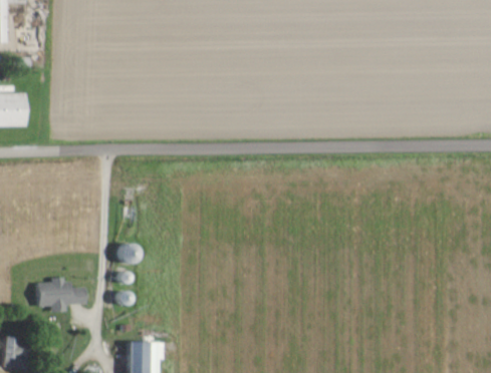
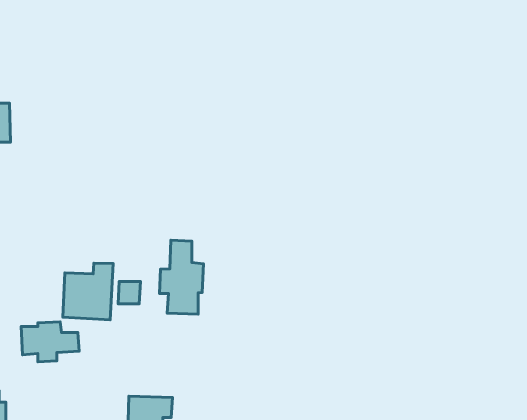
building: none -> [159,240,203,314]
building: none -> [63,263,113,320]

